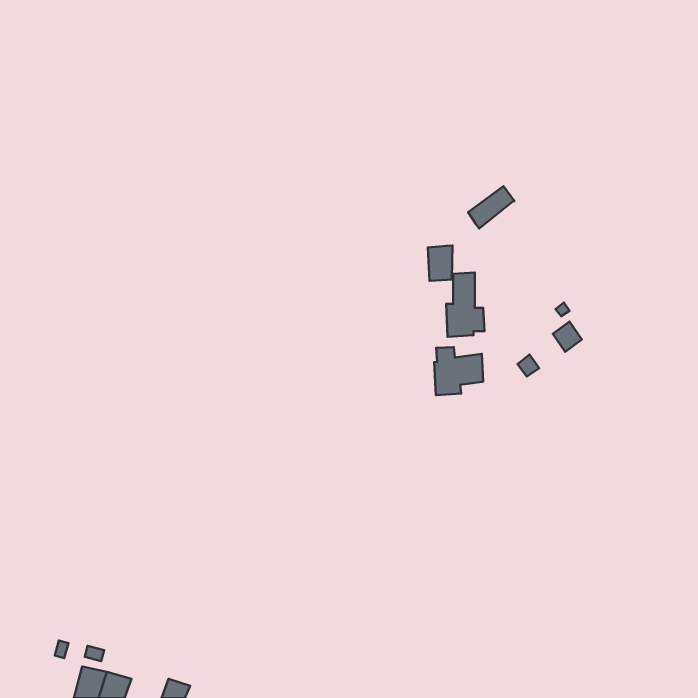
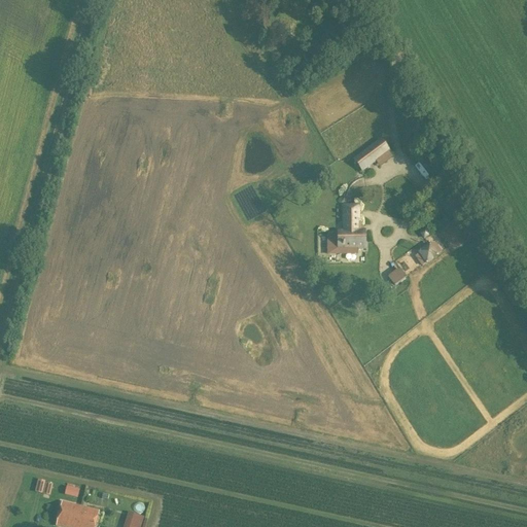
building: [428,245,453,281] -> none
building: [434,347,483,395] -> none

